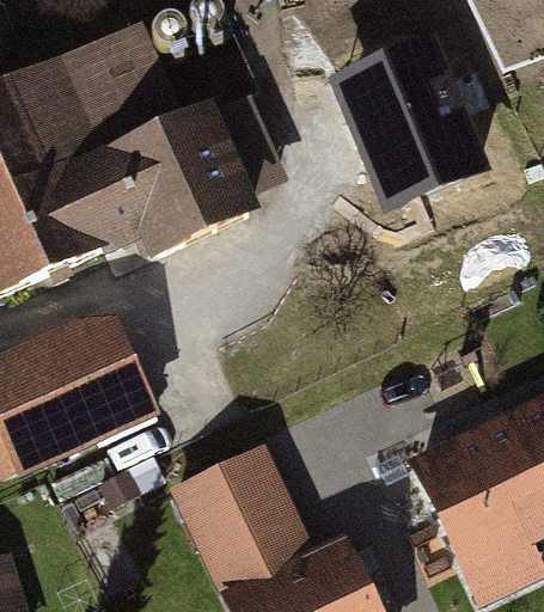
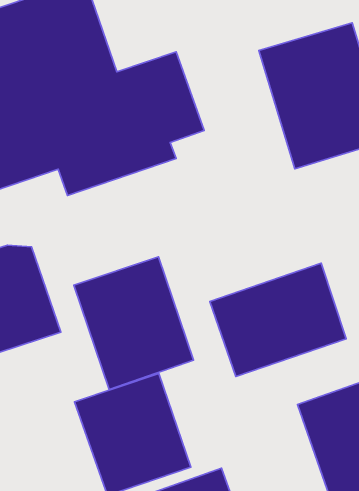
building: none -> [210,263,346,376]
building: none -> [74,257,193,389]

